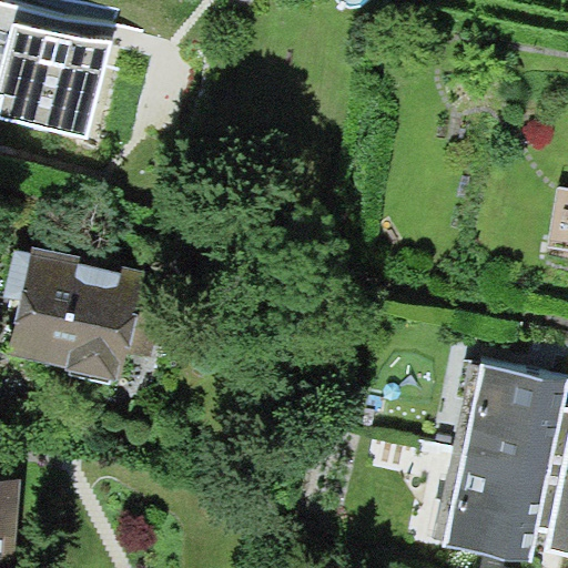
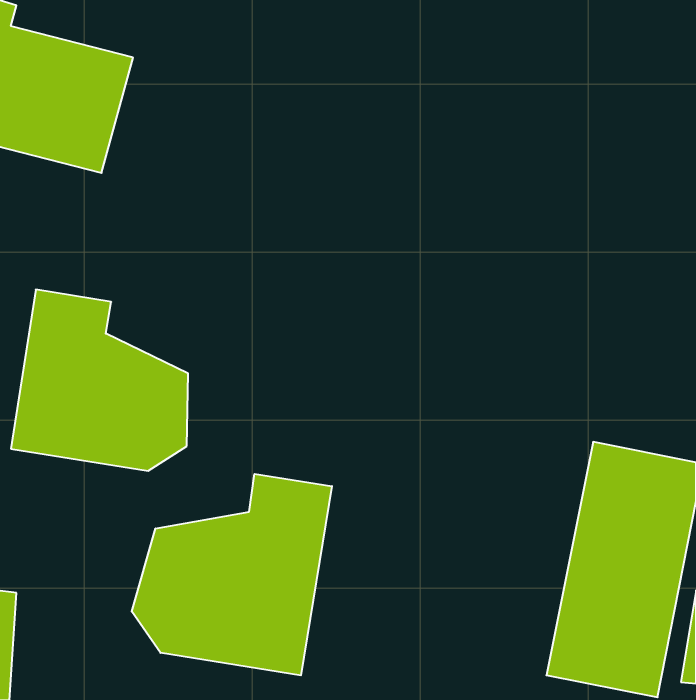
building: none -> [132,474,332,675]

